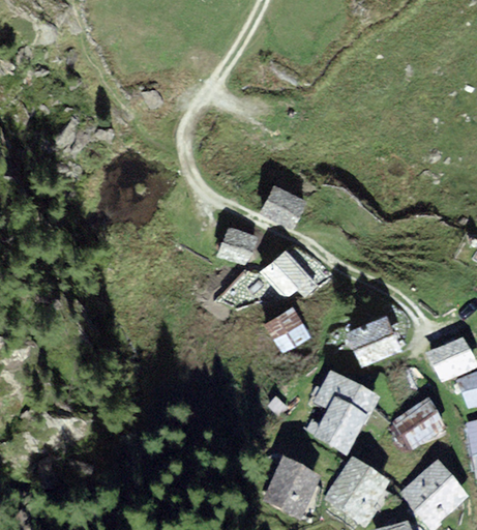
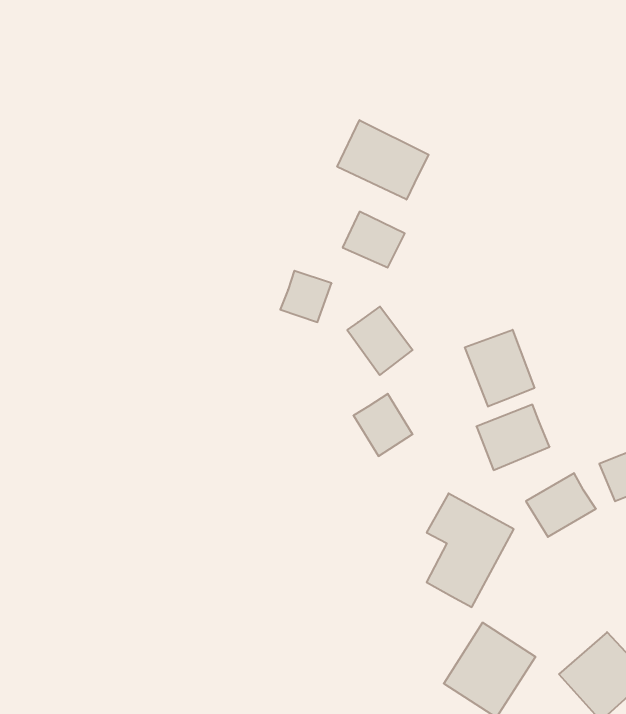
building: none -> [337,120,429,200]
building: none -> [465,330,534,407]
building: [396,404,443,446] -> [526,473,596,537]
building: [268,463,316,513] -> none

